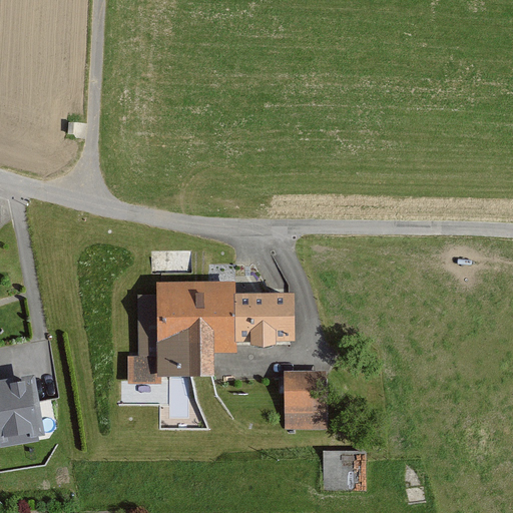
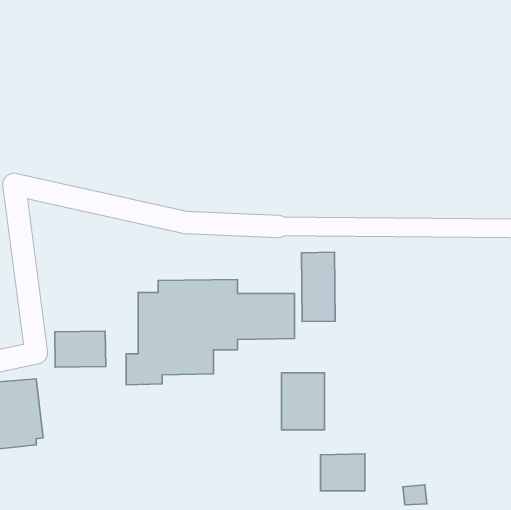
building: none -> [301,252,335,321]
building: none -> [55,331,106,367]

